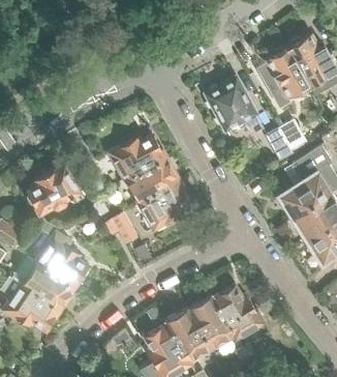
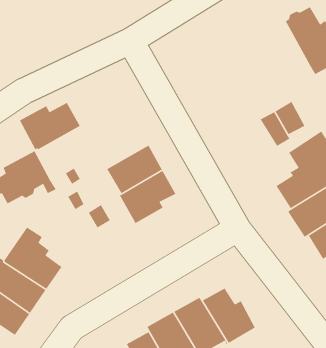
building: [257,48,309,107] -> none
building: [206,79,262,135] -> none
building: [110,137,165,180] -> [19,102,81,150]

